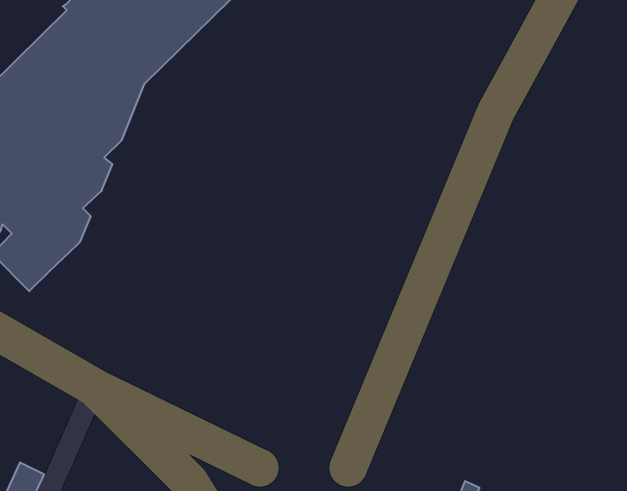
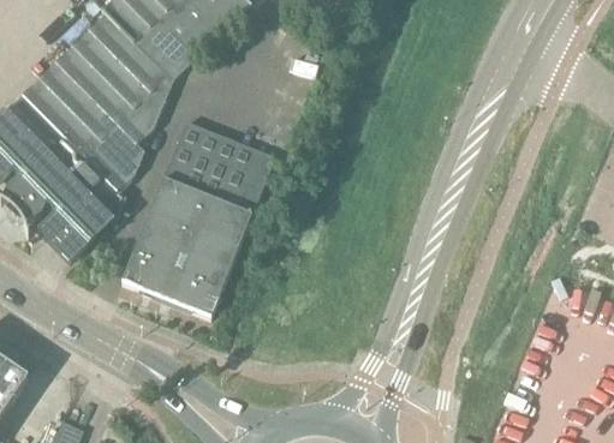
building: none -> [120,119,274,315]

